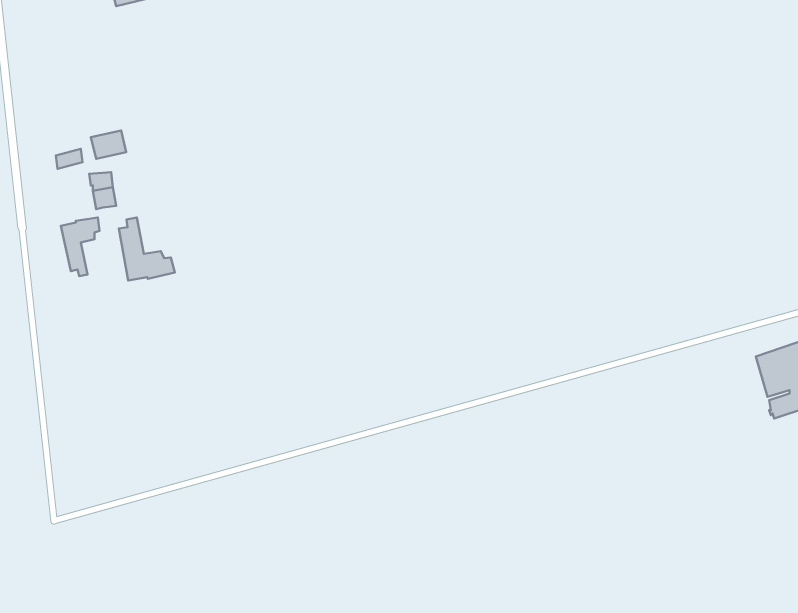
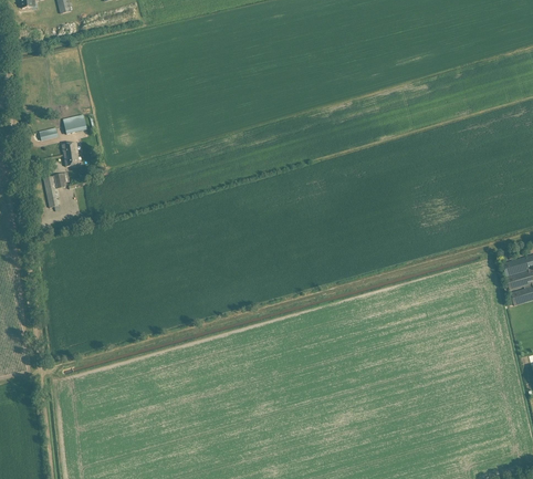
building: [119,217,175,281] -> none

